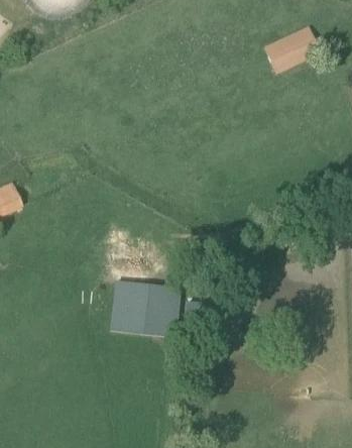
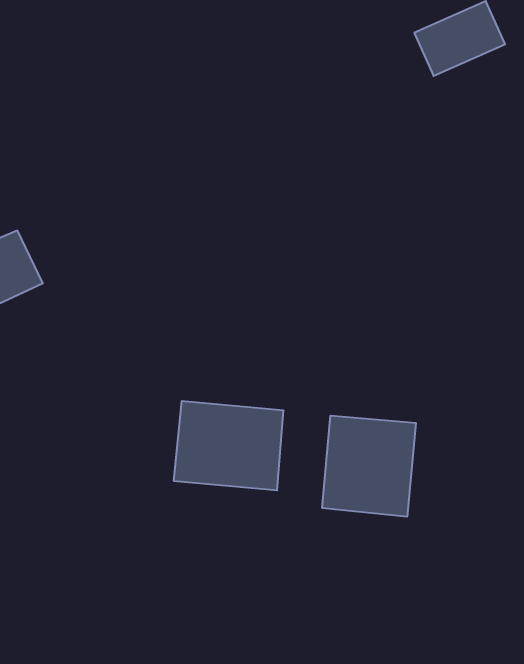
building: none -> [322,416,416,517]

